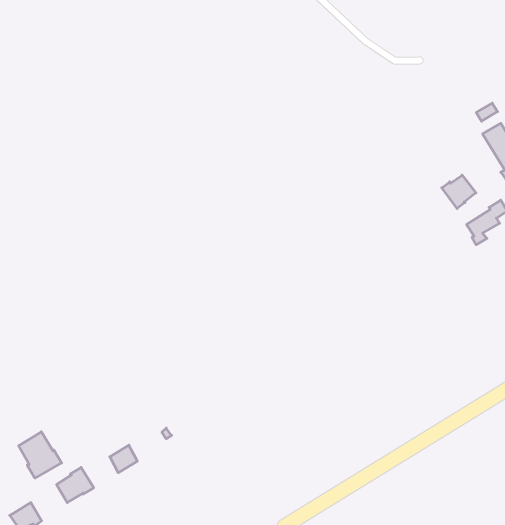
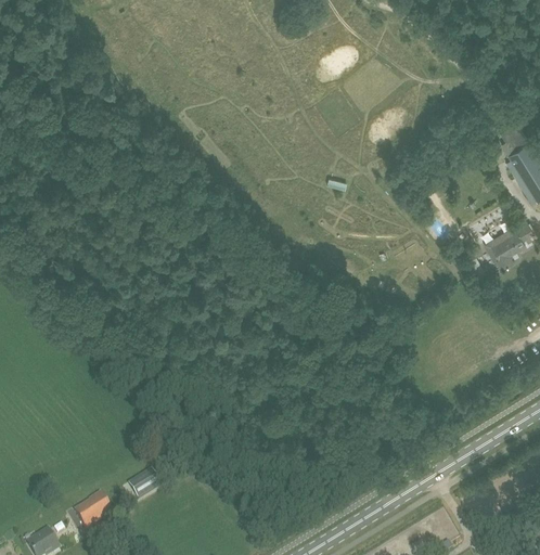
building: [442,175,476,209] -> none
building: [19,432,62,478] -> none

